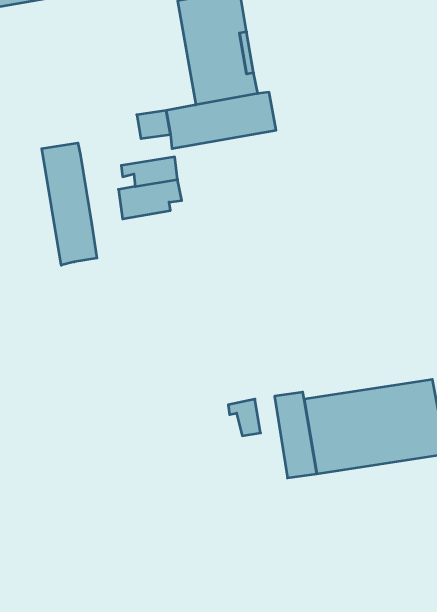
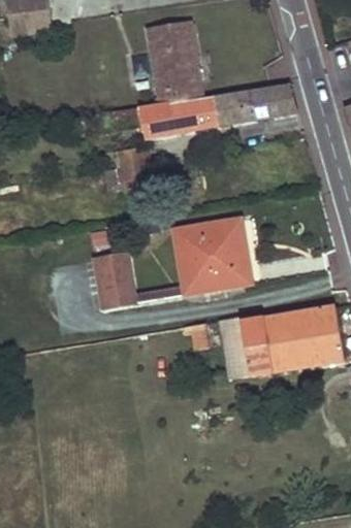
building: none -> [215,82,297,124]
building: [42,143,97,265] -> none
building: none -> [92,218,248,304]

